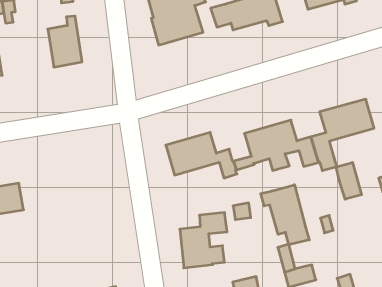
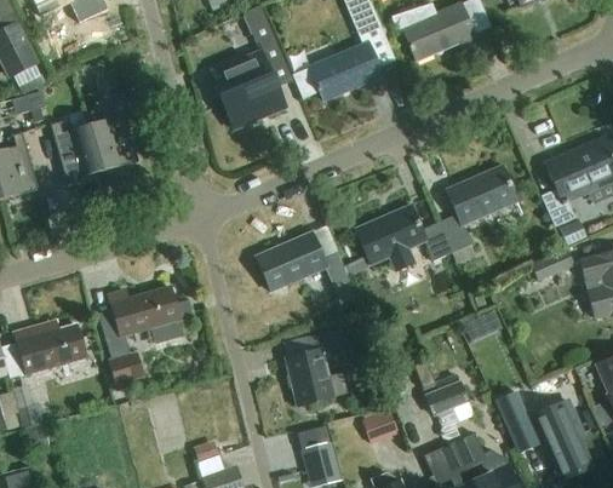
building: none -> [50,120,102,180]
building: none -> [107,286,182,383]
building: [336,162,362,199] -> none
building: [261,185,309,245] -> none

